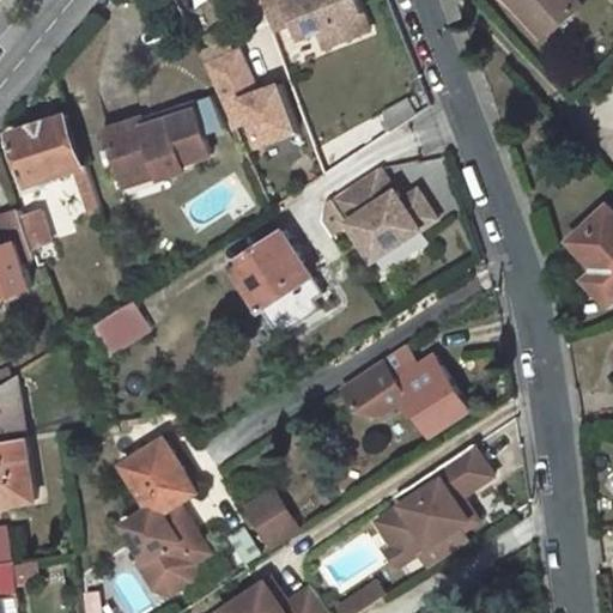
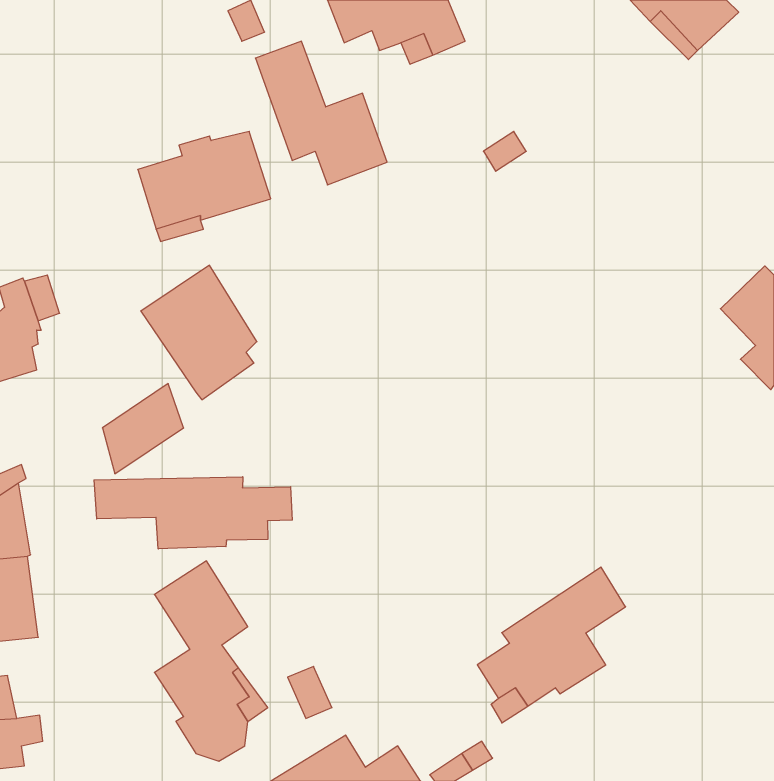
building: [8,119,102,219] -> none
building: [316,162,443,262] -> none
building: [231,227,322,333] -> [141,265,257,400]
building: [341,346,466,437] -> none
building: none -> [94,477,292,549]
building: [247,490,298,546] -> none

